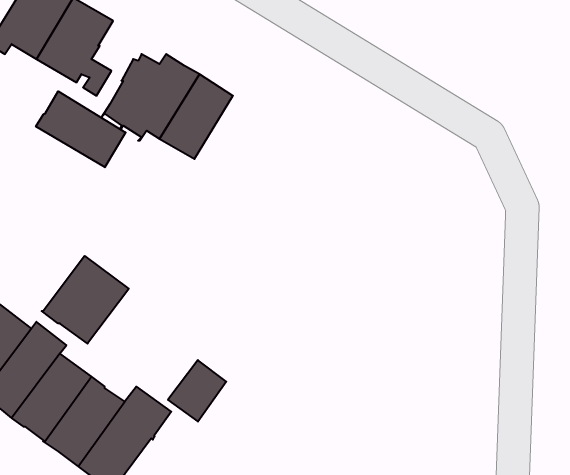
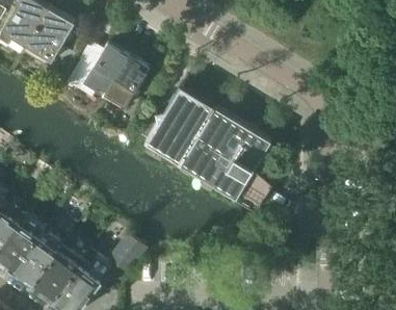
building: [36,91,126,167] -> none
building: none -> [144,85,270,209]
building: [42,256,129,344] -> none

